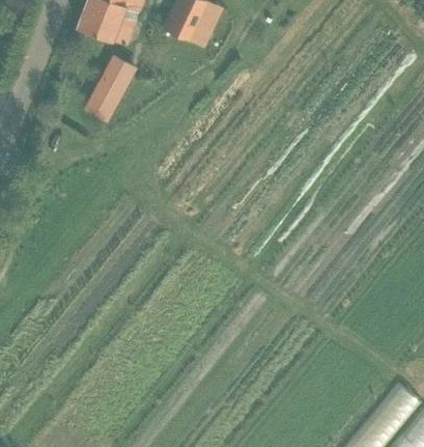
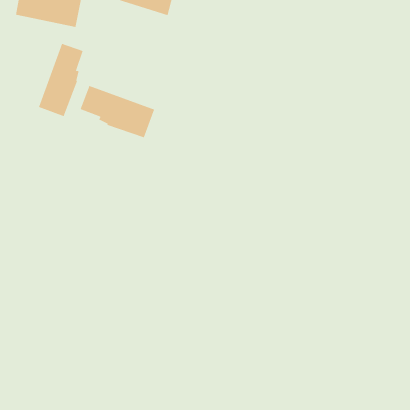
building: none -> [80,85,155,138]

